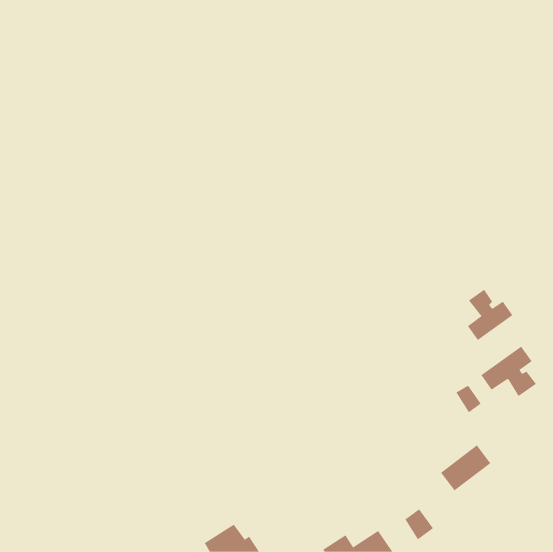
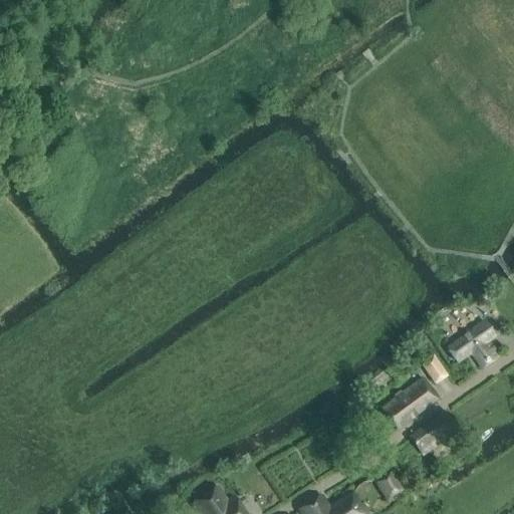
building: [467,289,513,341] -> none
building: none -> [380,377,436,427]

